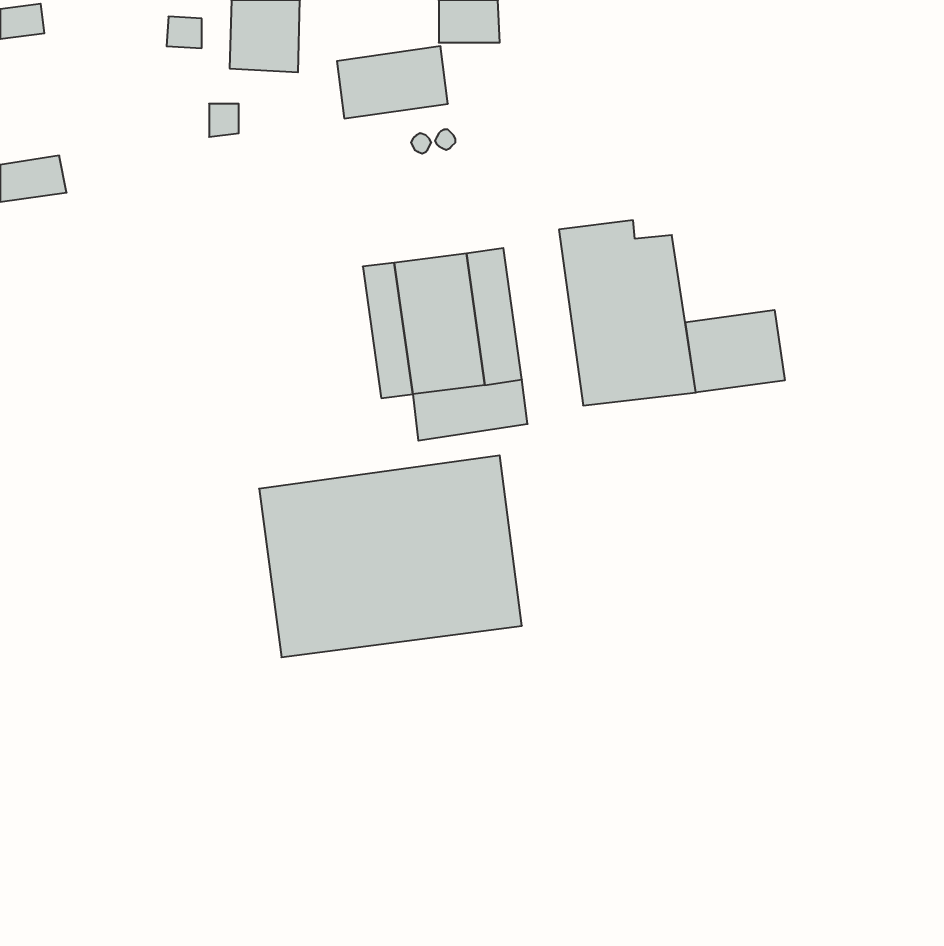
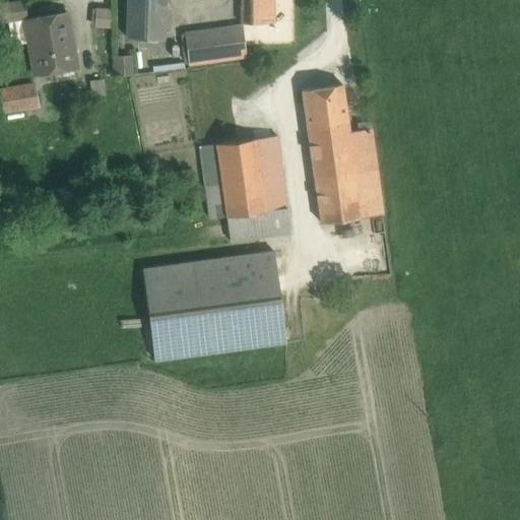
building: none -> [25,14,77,75]
building: none -> [303,85,348,126]
building: [686,310,785,393] -> none

